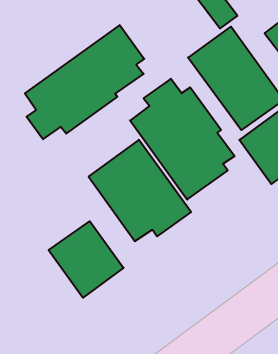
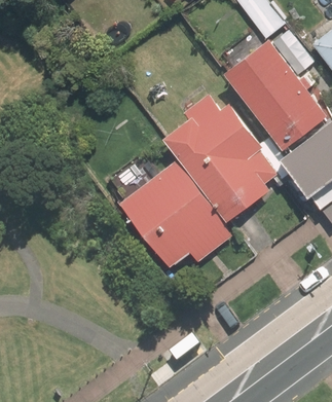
building: [25,25,144,139] -> none
building: [49,221,124,298] -> none

